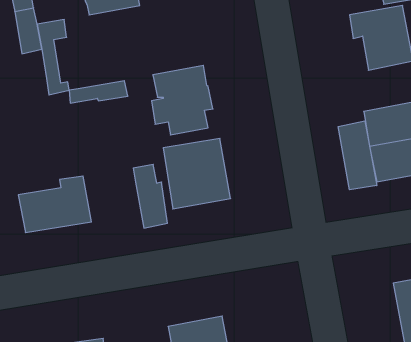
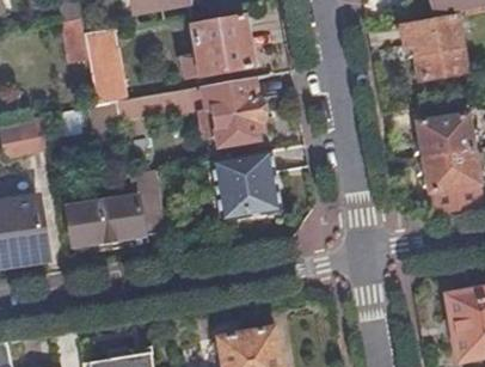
building: none -> [184,16,253,75]
building: [338,121,377,190] -> none
building: [133,164,167,228] -> [130,170,165,234]

